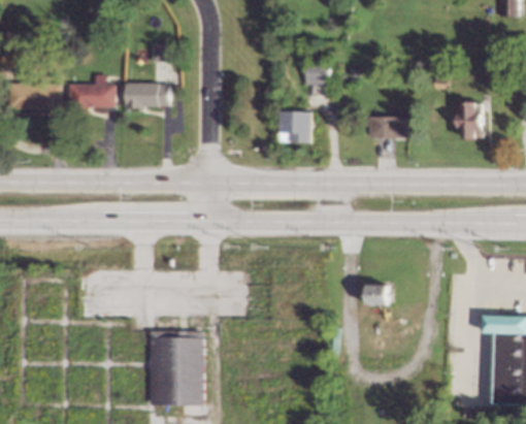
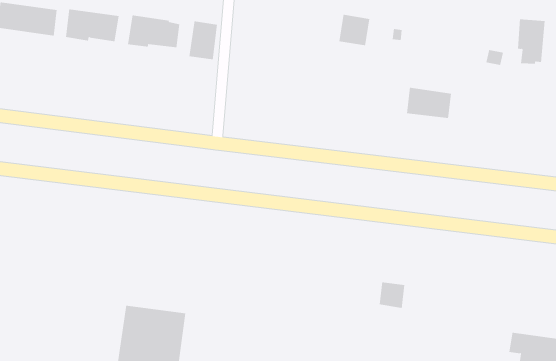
building: none -> [189,21,217,60]
building: [458,101,482,140] -> [517,19,546,64]
building: [281,110,310,141] -> none

